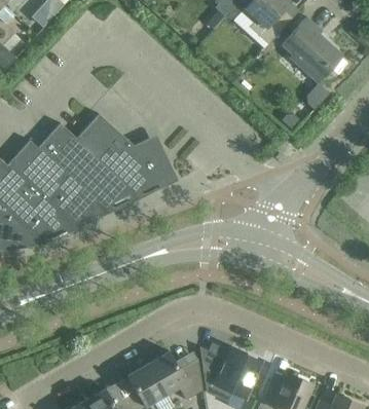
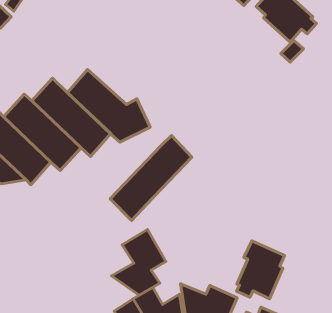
building: none -> [110,135,192,220]
building: none -> [112,230,166,295]
building: none -> [236,241,285,299]

